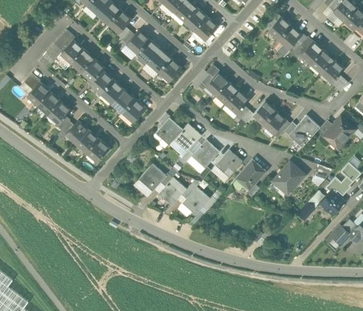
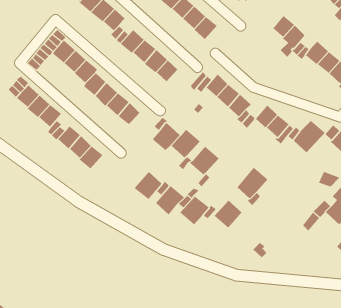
building: [215,151,242,178] -> [214,200,242,228]
building: [273,164,304,195] -> none

